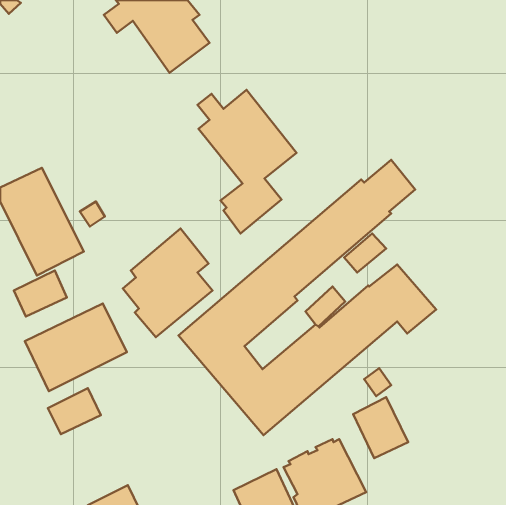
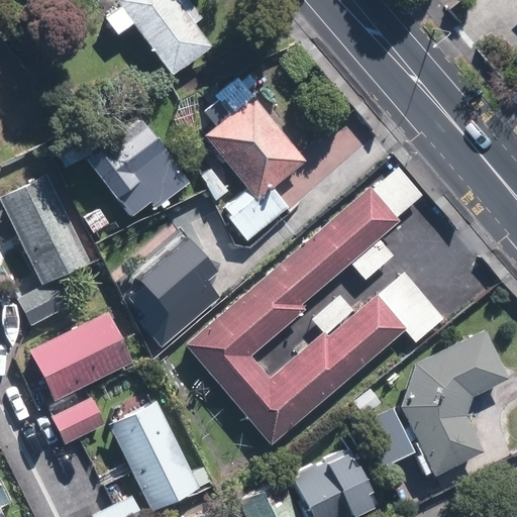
building: none -> [87,117,189,217]
building: none -> [400,329,509,476]
building: none -> [109,401,200,511]

